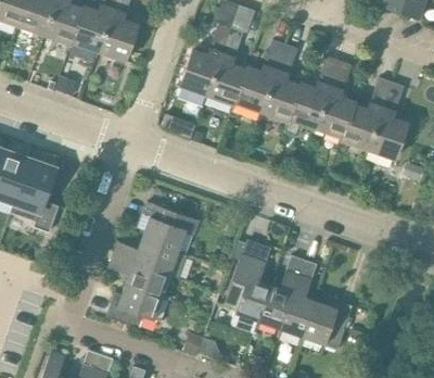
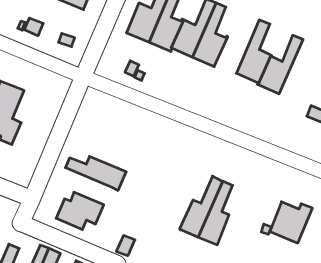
building: [282,58,337,139] -> none
building: [367,83,407,160] -> none
building: [139,202,200,252] -> none
building: [224,241,270,333] -> none
building: [110,254,171,297] -> none
building: [303,300,353,349] -> [270,202,312,243]

